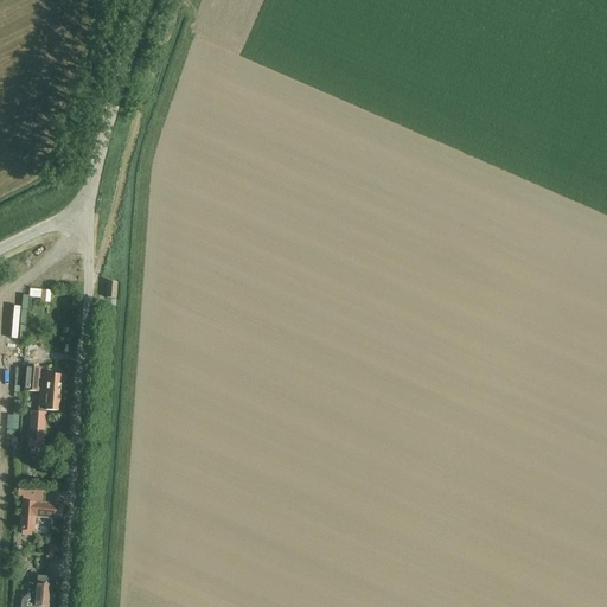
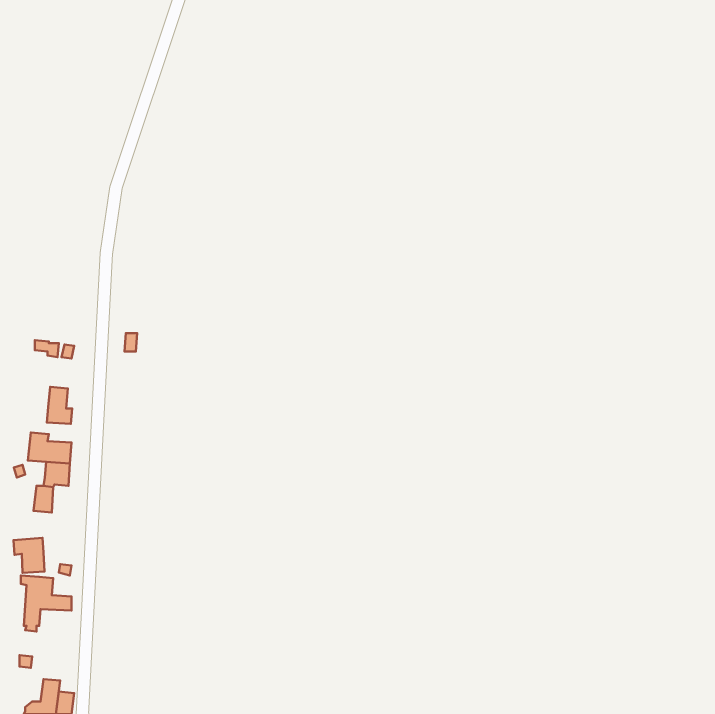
building: none -> [47,387,72,424]
building: none -> [14,538,44,573]

